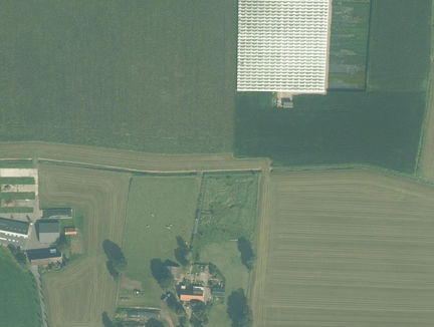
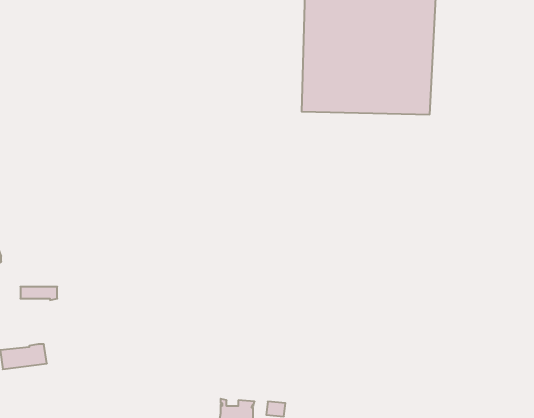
building: [39,222,59,243] -> none

